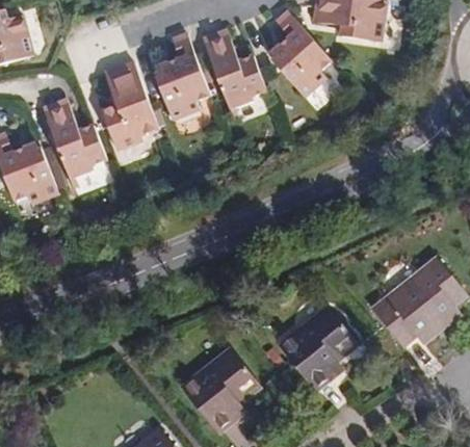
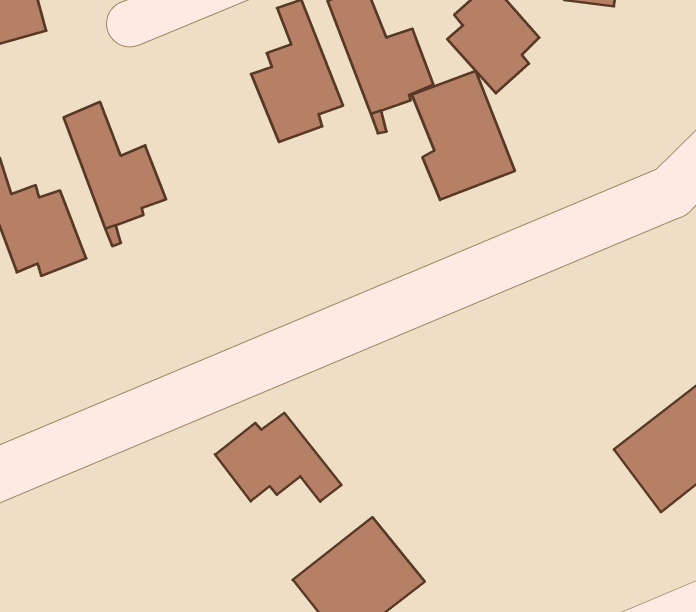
building: [104,67,159,152] -> none
building: none -> [412,71,515,200]
building: none -> [215,413,341,502]
building: [278,304,357,388] -> none

